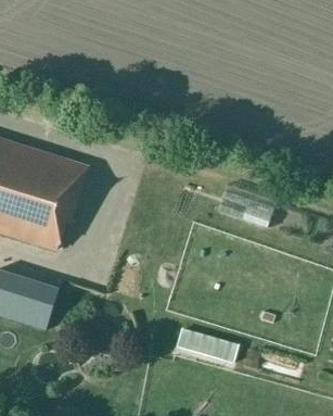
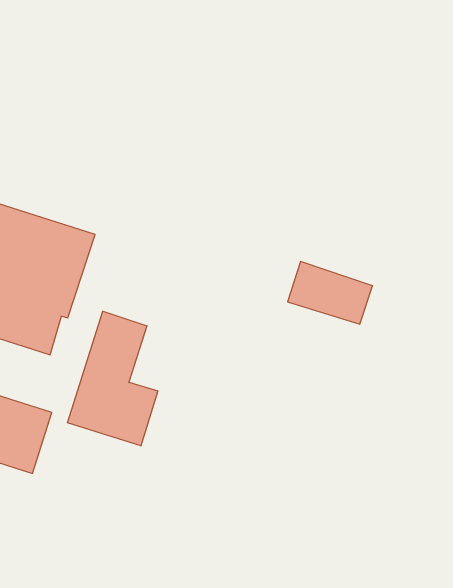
building: none -> [68,311,158,446]
building: [177,330,239,363] -> none

